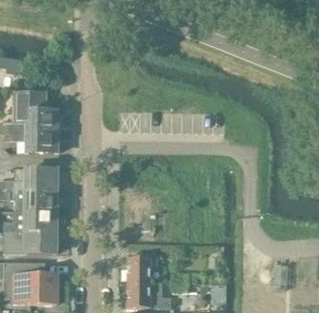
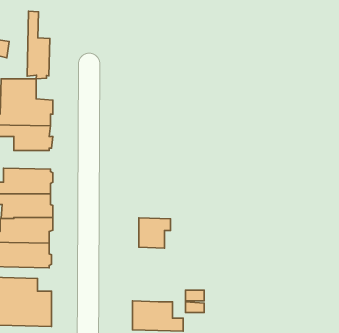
building: none -> [27,11,50,79]
building: [127,257,154,283] -> [139,218,170,248]

